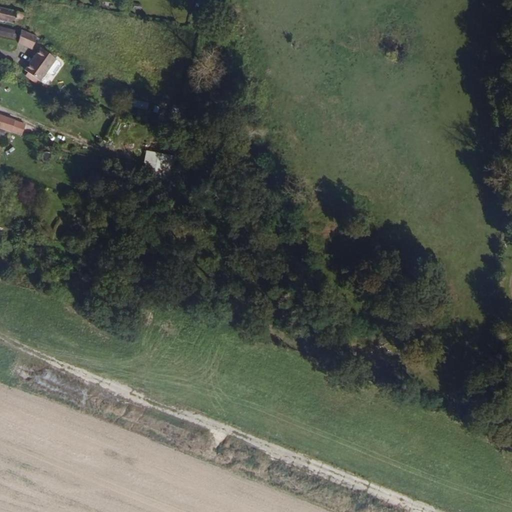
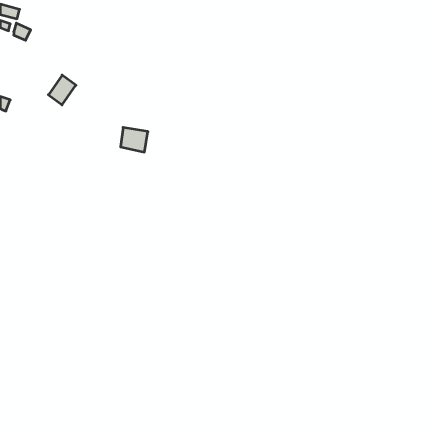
building: [23,46,55,81] -> [48,75,76,105]

